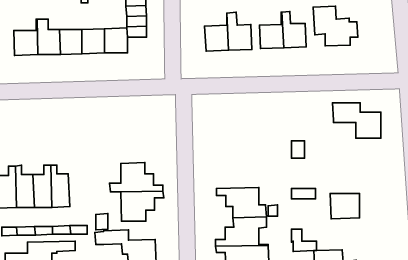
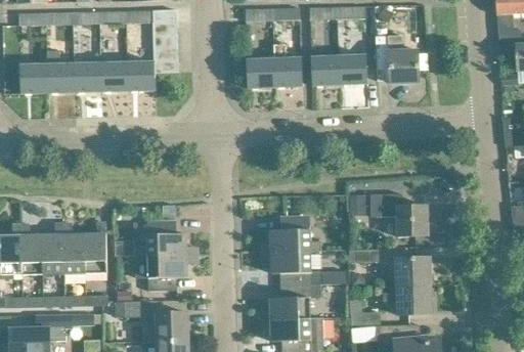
building: [333,103,381,138] -> [369,193,427,235]
building: none -> [260,215,319,251]
building: none -> [84,222,106,272]
building: none -> [396,285,431,314]

